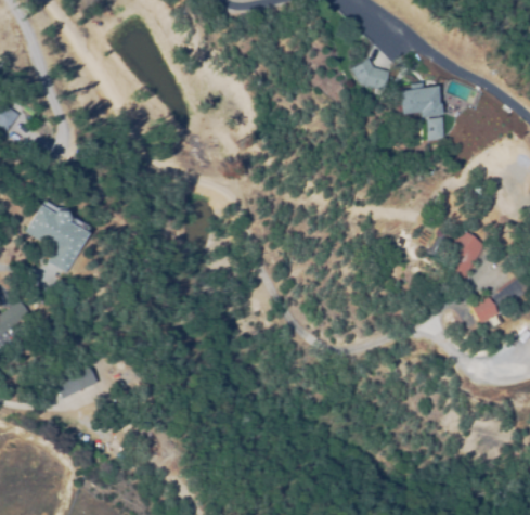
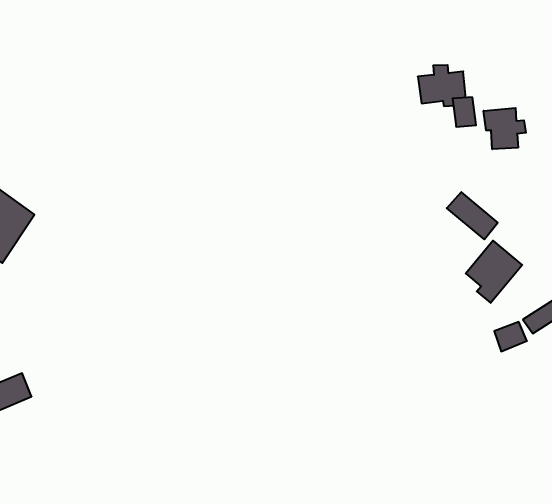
building: [349,64,388,96] -> none
building: none -> [484,108,526,149]
building: none -> [447,192,498,239]

